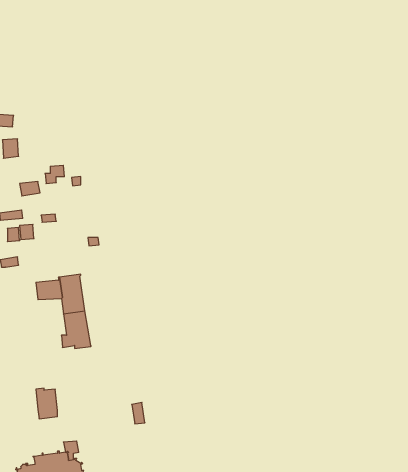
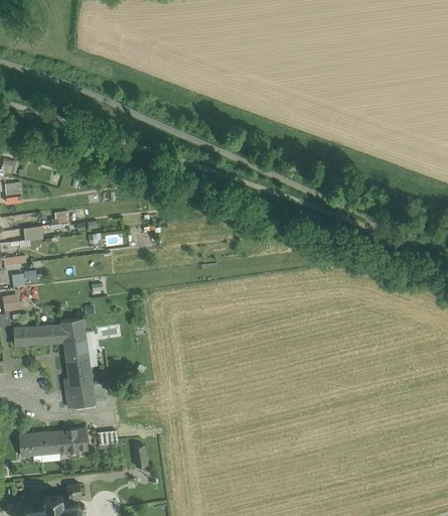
building: none -> [13,327,41,346]
building: none -> [65,389,96,408]
building: none -> [58,428,88,454]
building: none -> [19,432,41,457]

